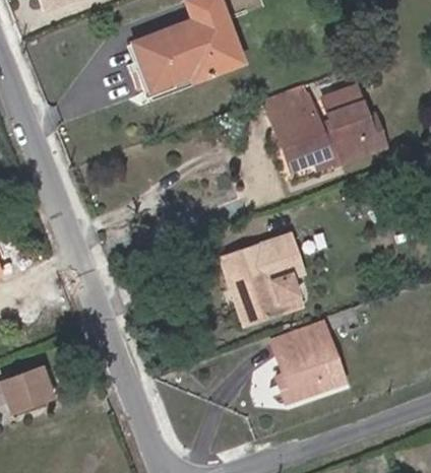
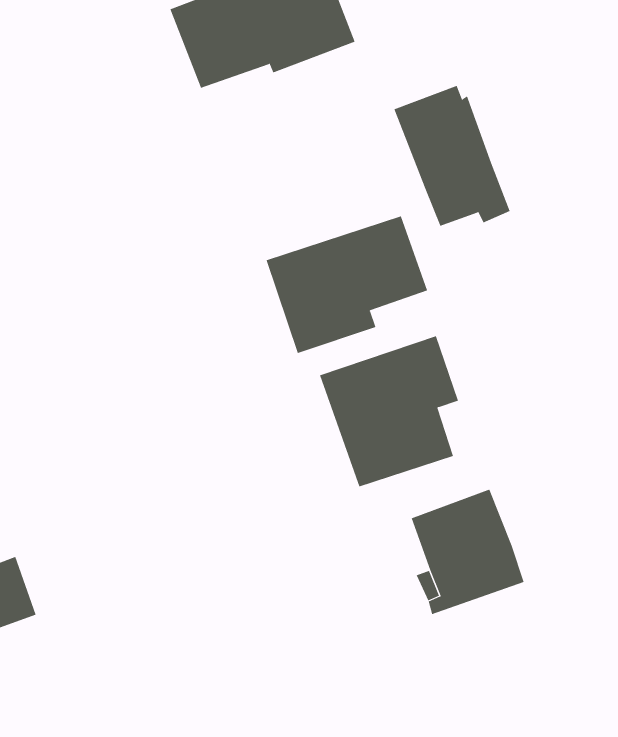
building: [322,84,386,161] -> none
building: none -> [266,215,428,354]

